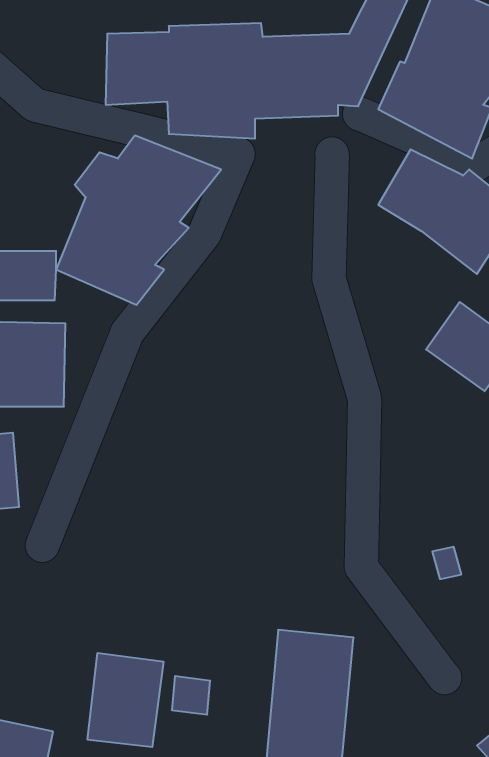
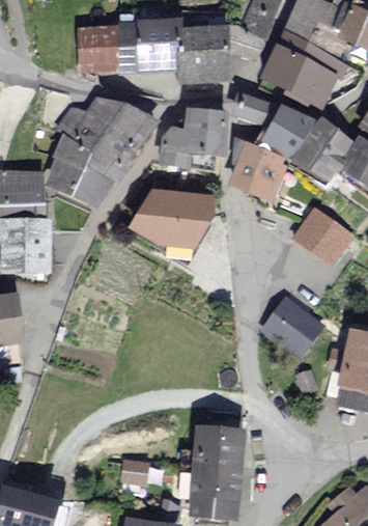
building: none -> [233,90,275,130]
building: none -> [155,108,227,170]
building: none -> [229,140,290,200]
building: none -> [124,189,213,248]
building: none -> [263,293,328,356]
building: [88,653,163,747] -> none

